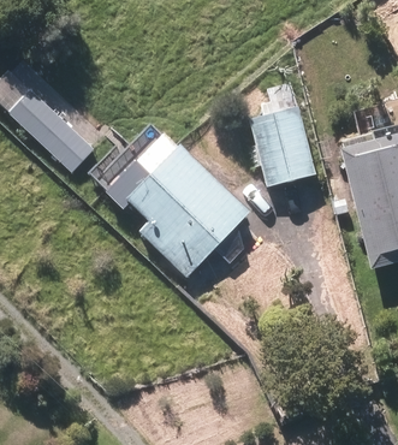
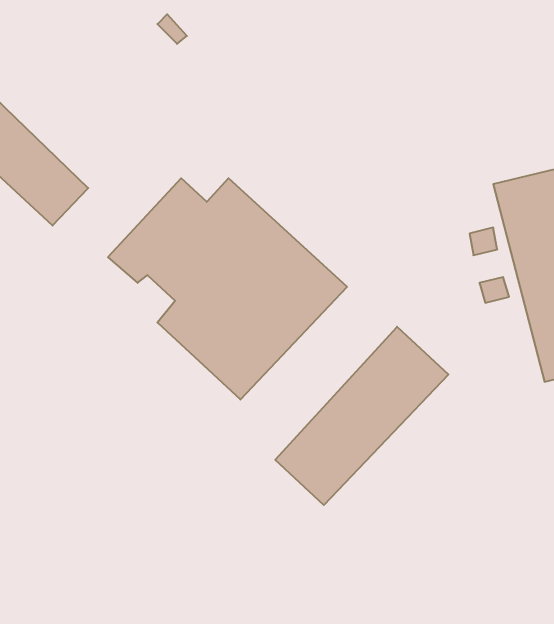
building: [248,82,315,186] -> none
building: none -> [275,327,448,505]

